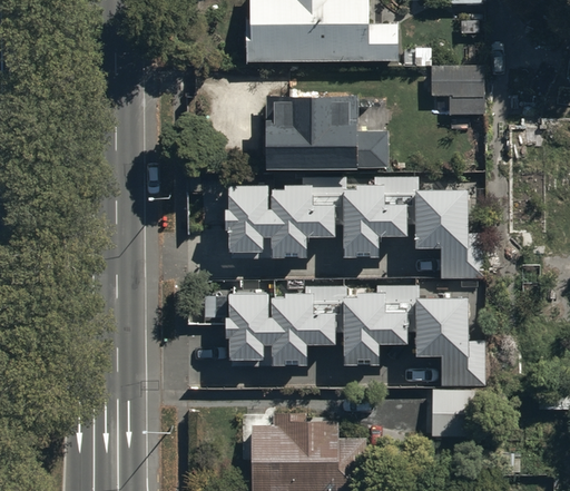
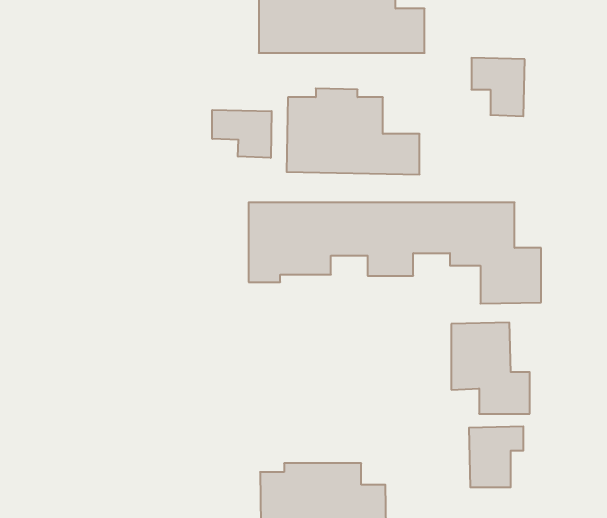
building: none -> [212,110,272,158]
building: [342,282,417,364] -> none
building: [225,292,337,364] -> none

